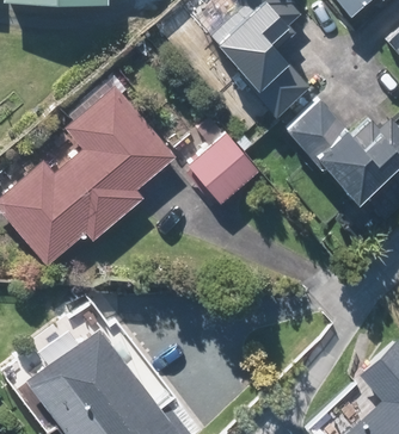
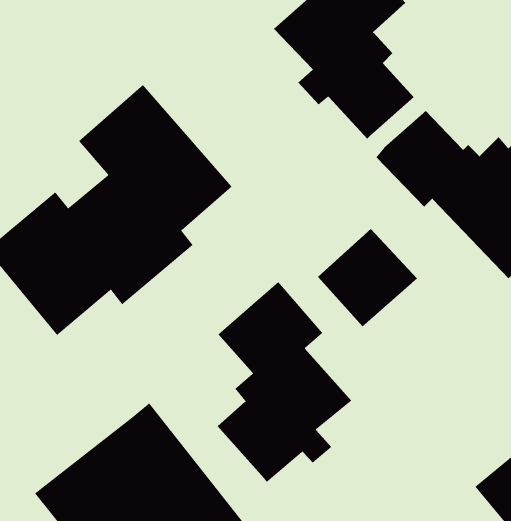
building: [185,134,259,206] -> [317,228,418,327]
building: none -> [217,281,352,483]

